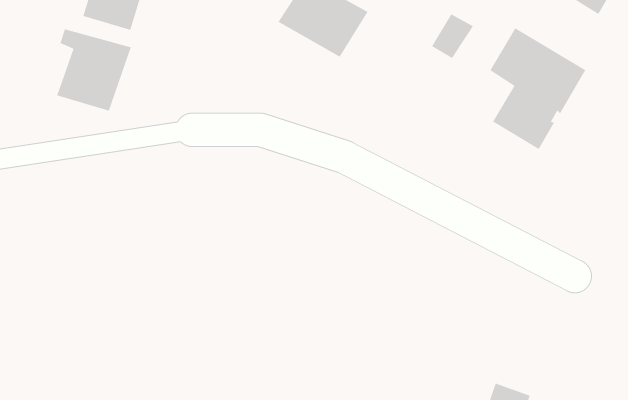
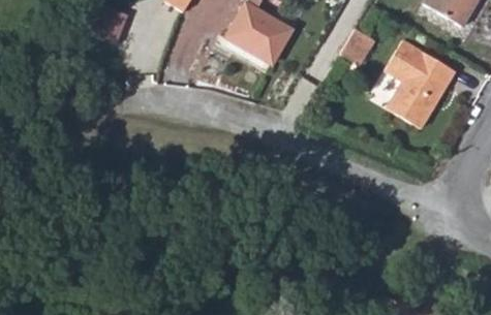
building: [56,28,131,111] -> none

